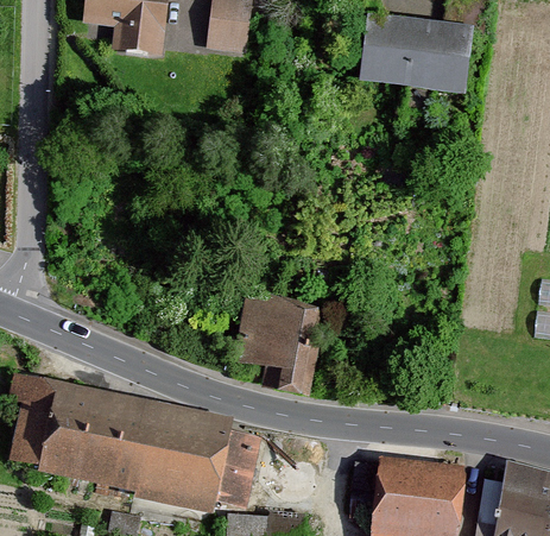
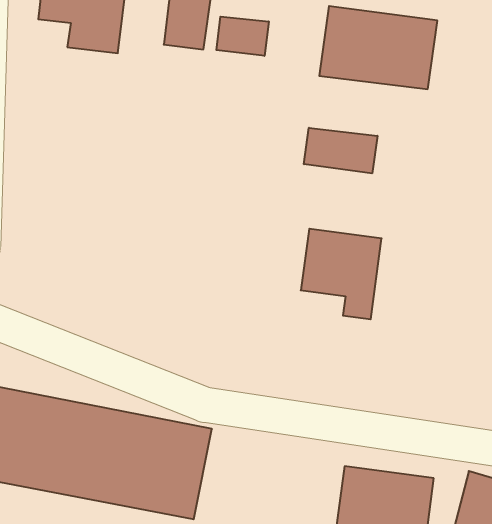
building: none -> [216,17,269,56]
building: none -> [304,128,377,173]
building: [239,303,318,392] -> [301,229,382,319]

